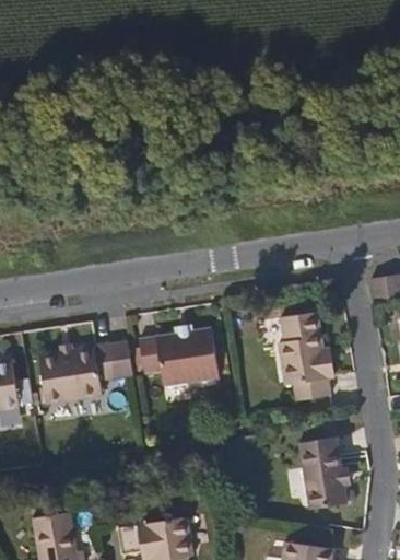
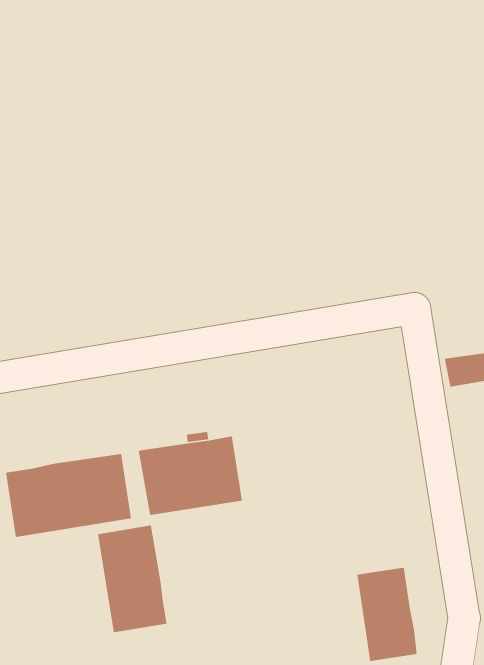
building: [278,308,332,400] -> none
building: none -> [97,525,168,633]

